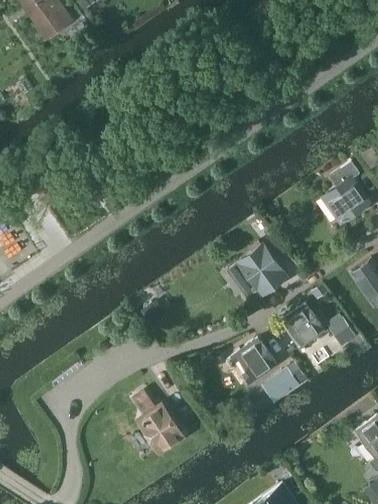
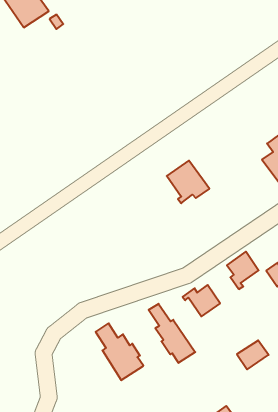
building: [237,244,287,294] -> [167,161,209,203]
building: none -> [149,304,195,363]
building: [262,368,299,402] -> [237,340,269,369]

